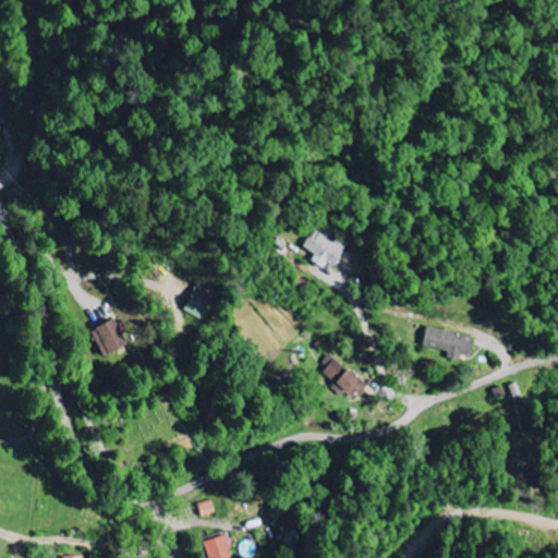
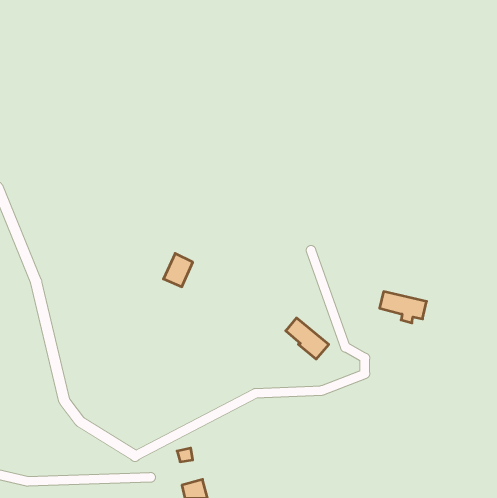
building: [302,229,344,267] -> none
building: [92,318,130,357] -> none

